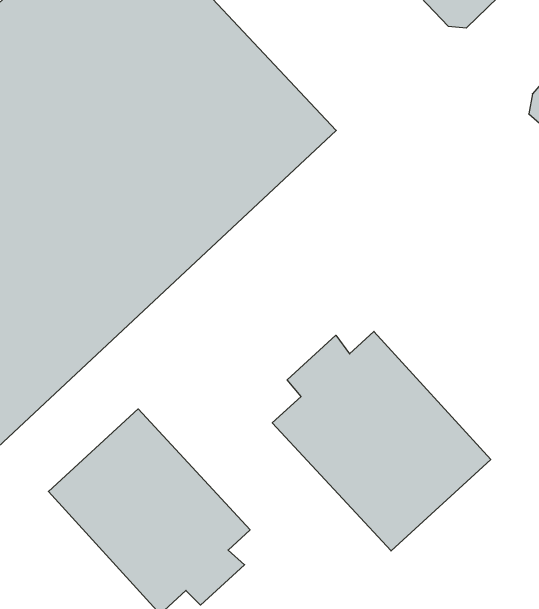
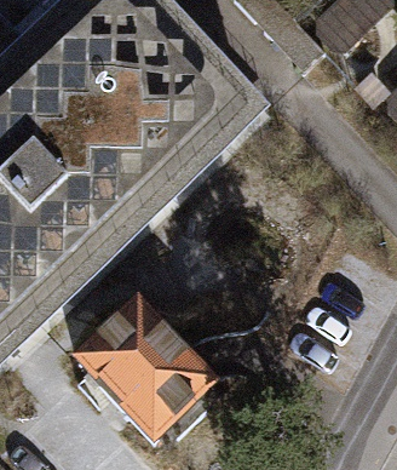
building: [272,331,491,551] -> none

